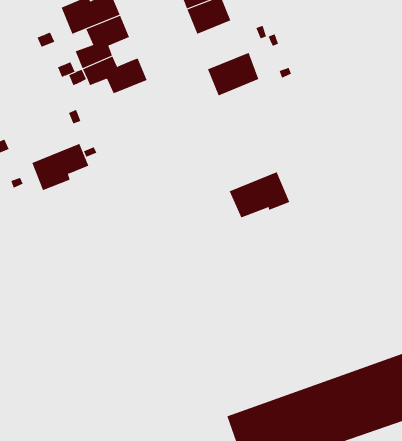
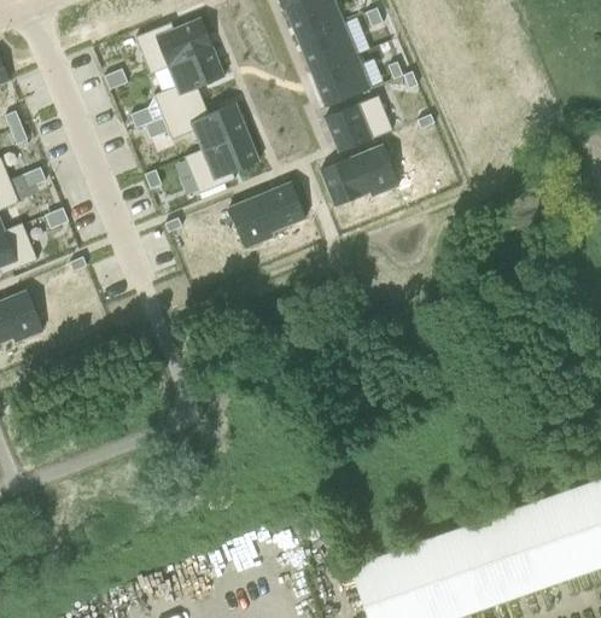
building: none -> [311,54,370,106]
building: none -> [228,182,305,249]
building: [31,143,89,191] -> [185,132,259,193]
building: [229,171,290,218] -> [320,145,399,205]

